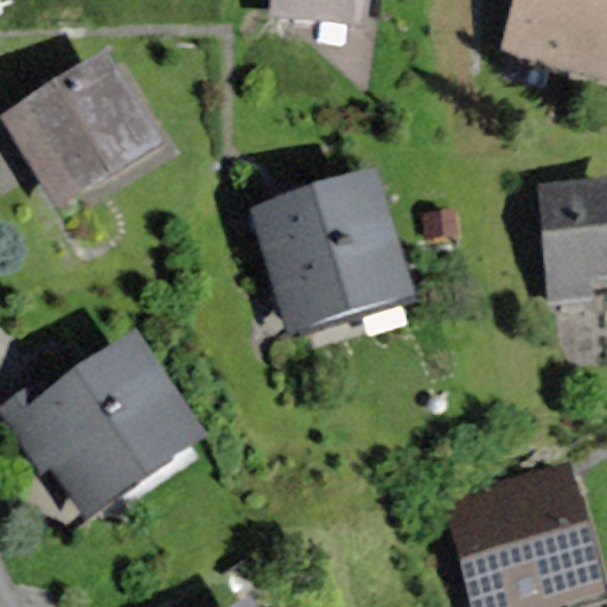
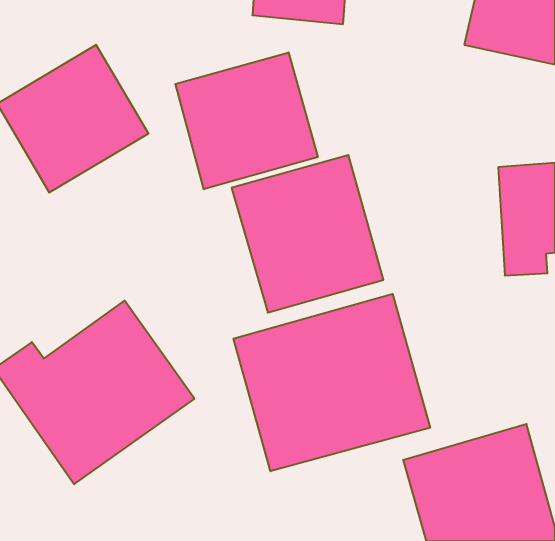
building: none -> [175,52,318,189]
building: none -> [234,294,430,471]

